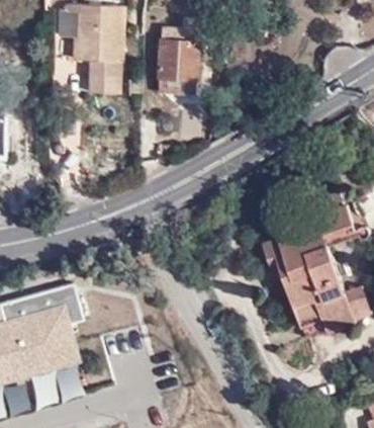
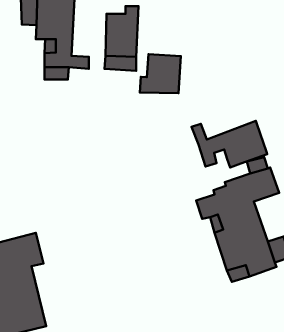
building: none -> [140,54,181,93]
building: none -> [191,121,267,168]

